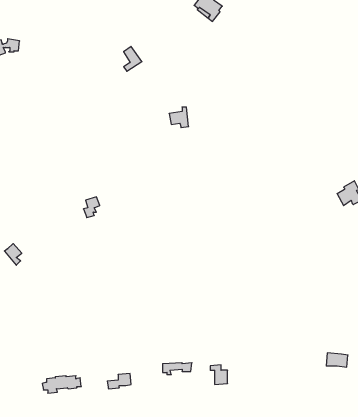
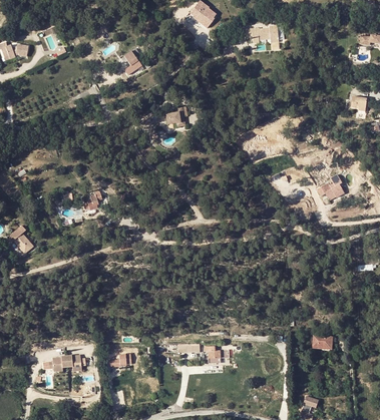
building: none -> [250,24,278,43]

